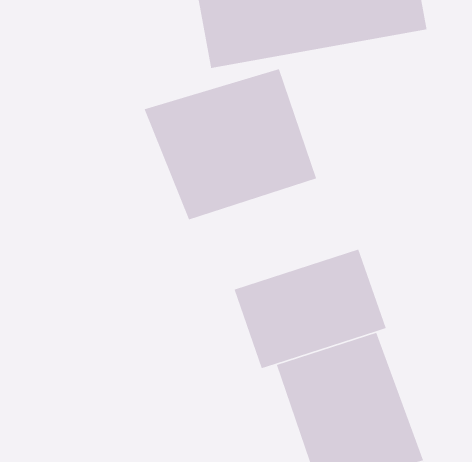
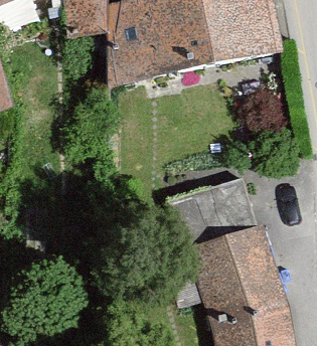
building: [143,68,317,221] -> none

